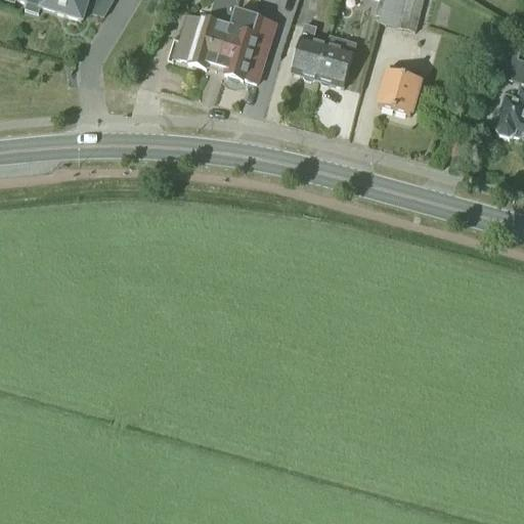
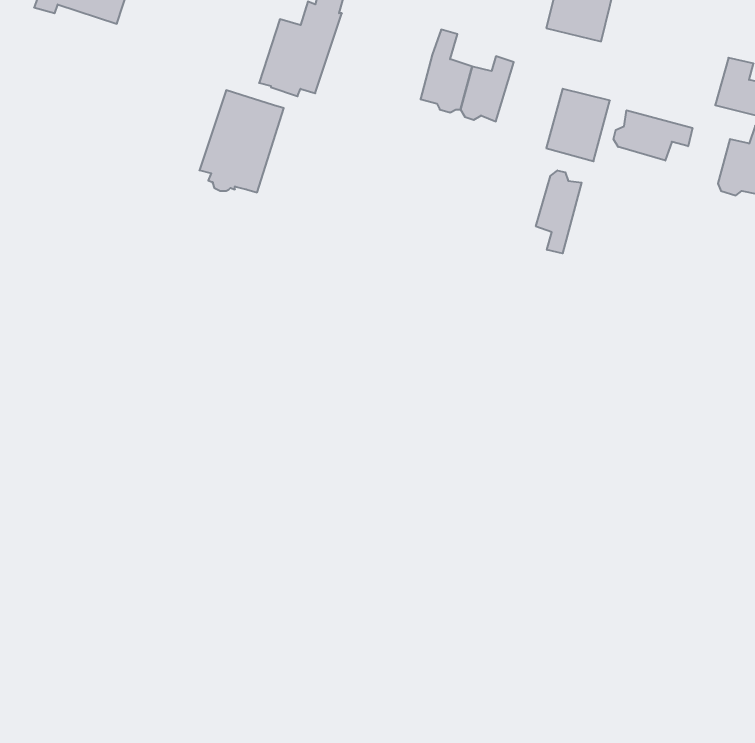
building: [219,9,277,80] -> [199,90,284,192]
building: none -> [614,110,692,161]
building: none -> [536,170,582,253]

